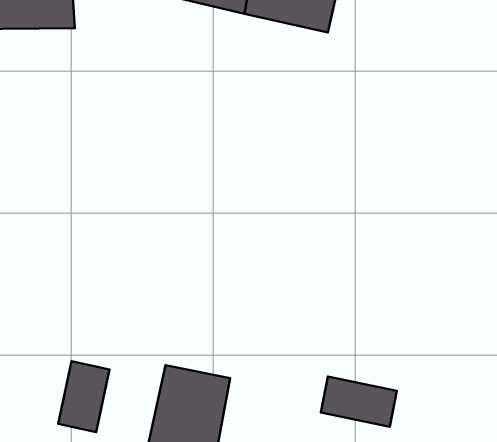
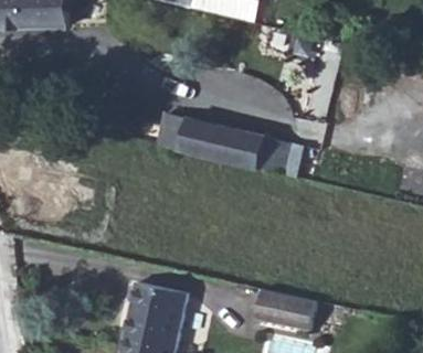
building: none -> [177,116,287,174]
building: [58,361,110,432] -> none

